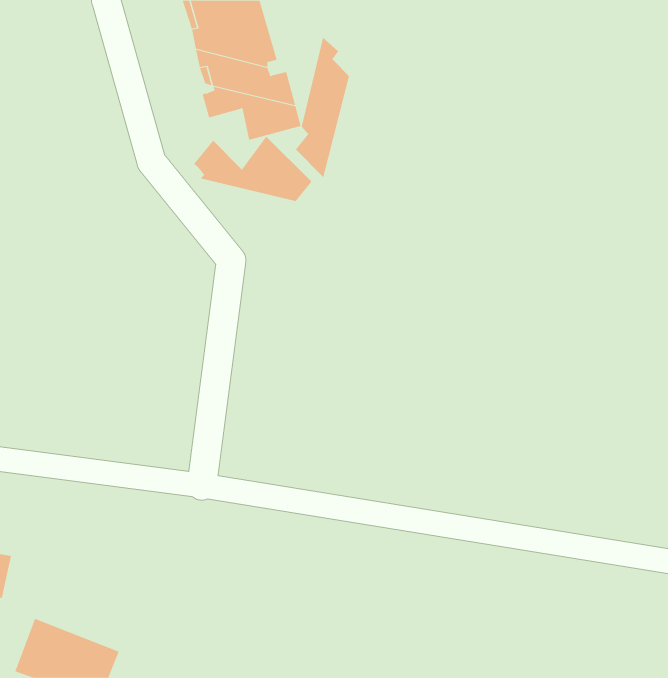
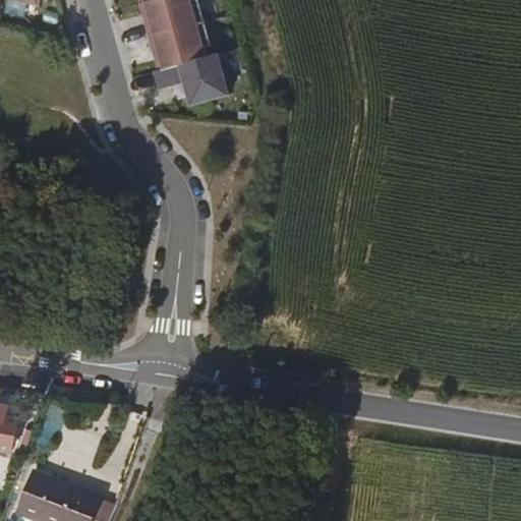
building: [295,37,350,178] -> none
building: [193,136,312,202] -> none

